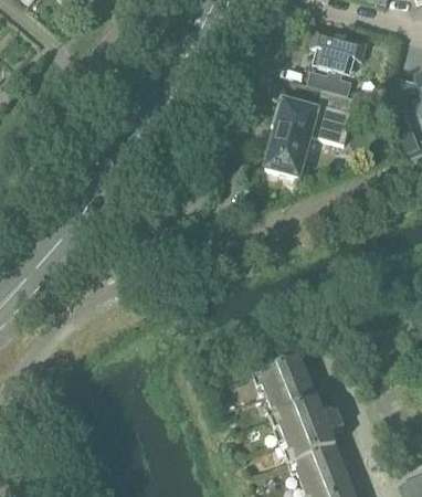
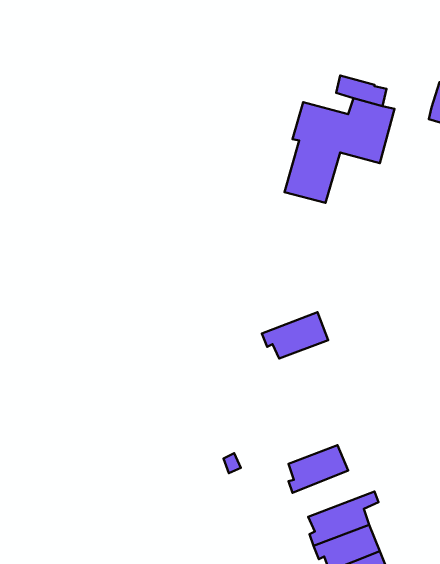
building: [310,30,367,80] -> none
building: [254,357,309,395] -> [262,312,328,359]
building: [272,401,340,440] -> none

